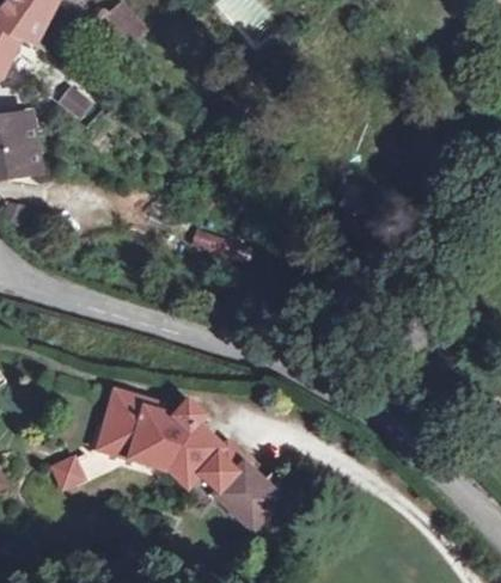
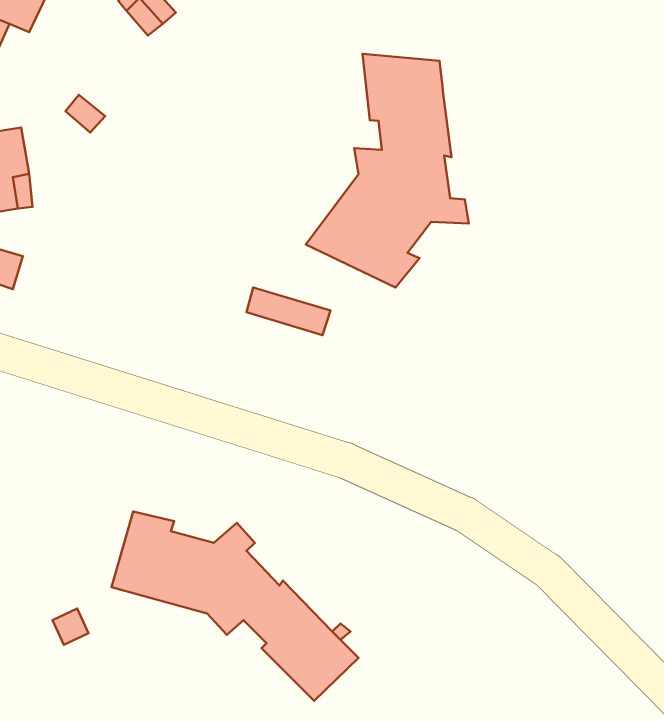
building: none -> [306,54,469,288]

